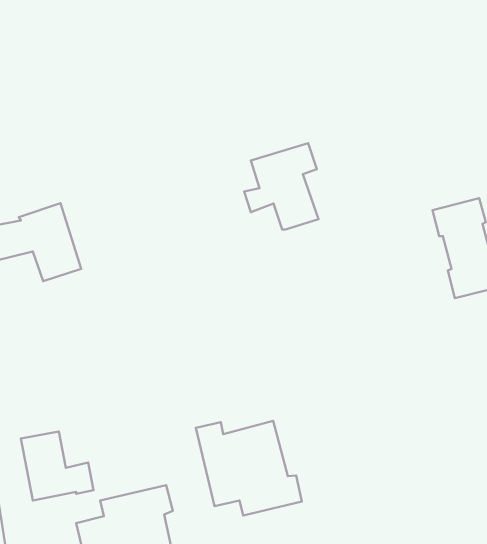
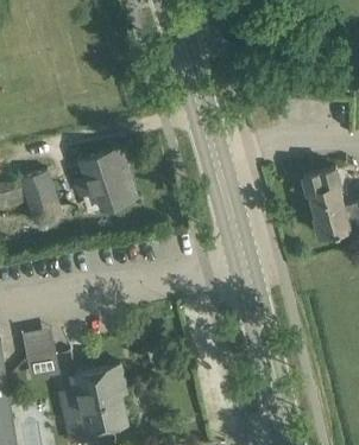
building: [244,143,318,230] -> [76,150,127,209]
building: [196,421,302,516] -> none

